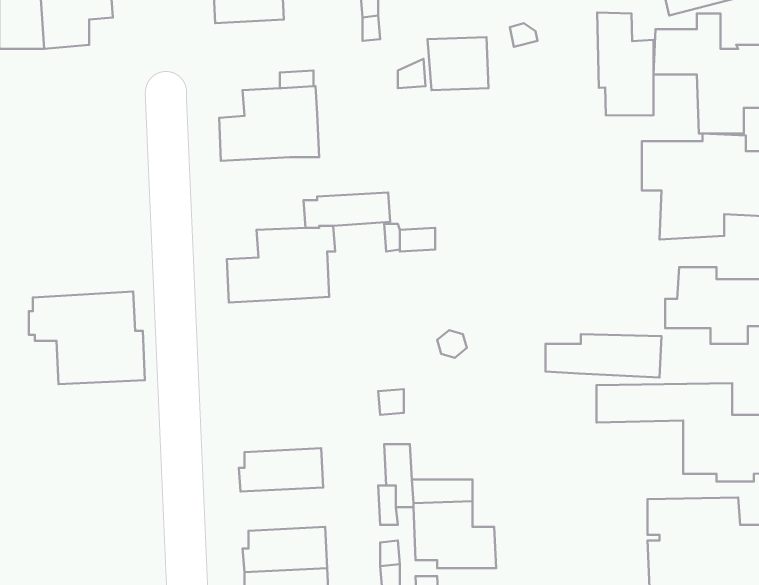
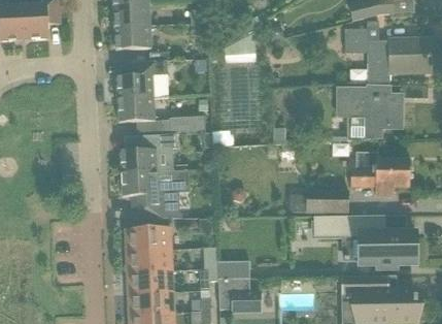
building: [597,13,654,115] -> none
building: none -> [114,25,151,50]
building: none -> [117,97,155,122]
building: [29,292,145,384] -> [120,170,180,219]
building: none -> [126,227,170,252]
building: none -> [128,270,172,293]

